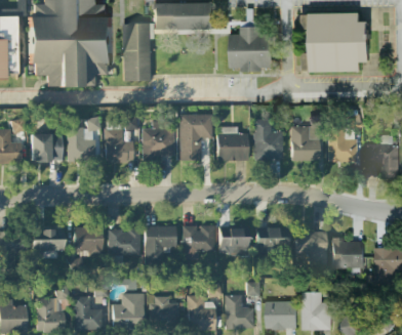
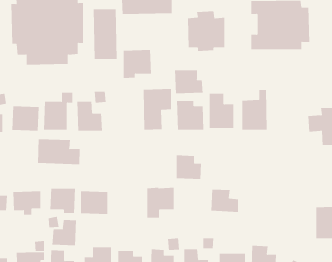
building: none -> [175,69,203,94]
building: [143,128,175,161] -> [123,50,152,79]
building: [328,128,357,162] -> none
building: none -> [38,138,80,165]
building: [145,225,176,262] -> none
building: [219,227,249,255] -> [176,155,202,179]
building: [295,232,327,267] -> none
building: [332,240,364,267] -> none
building: none -> [52,219,76,246]

